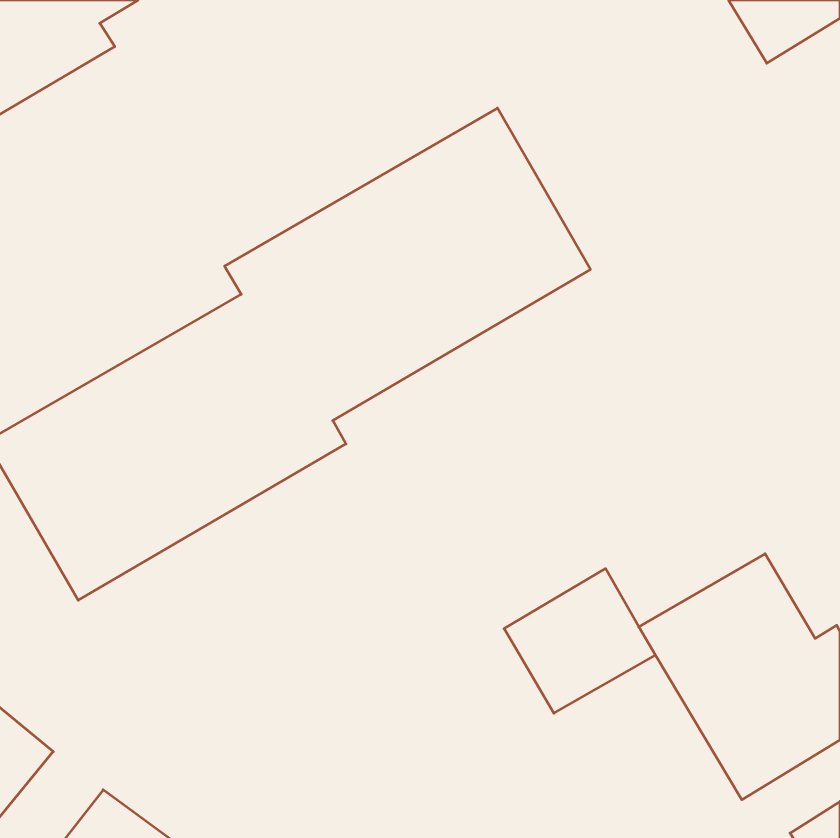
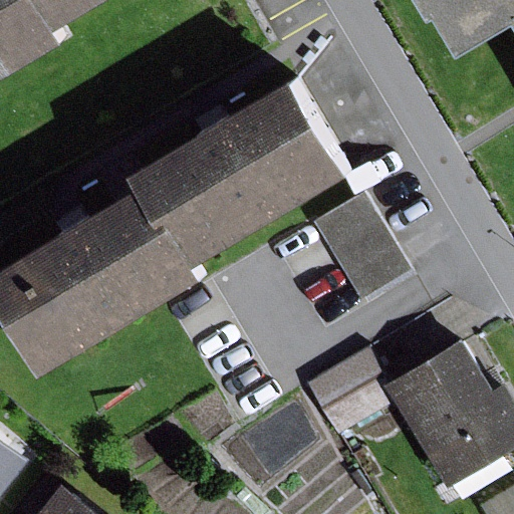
building: none -> [311,196,407,303]

